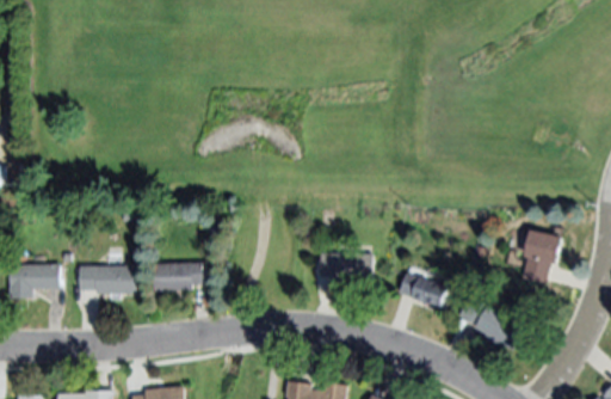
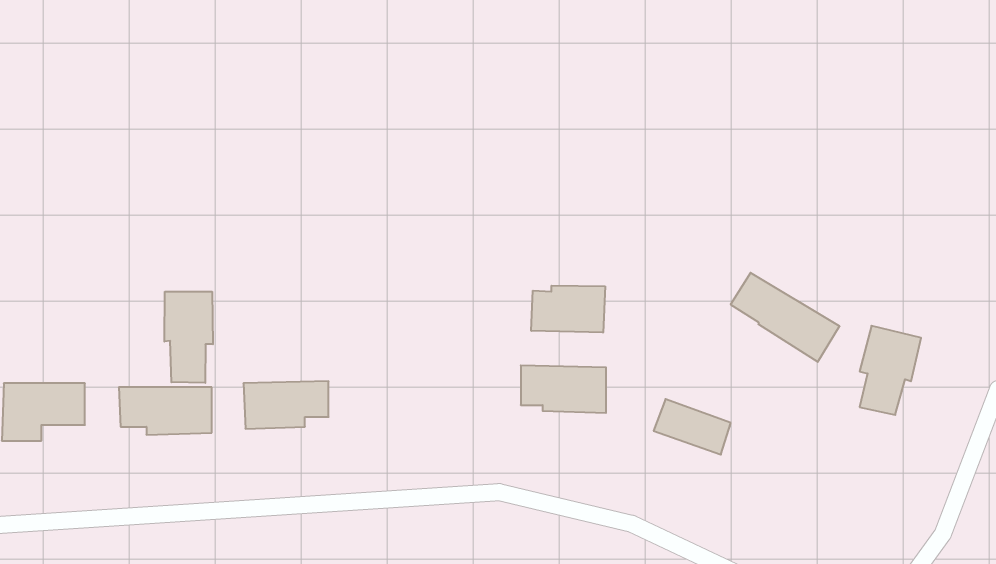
building: none -> [531,286,605,333]
building: none -> [164,292,213,383]
building: [458,296,524,350] -> [731,273,840,362]

